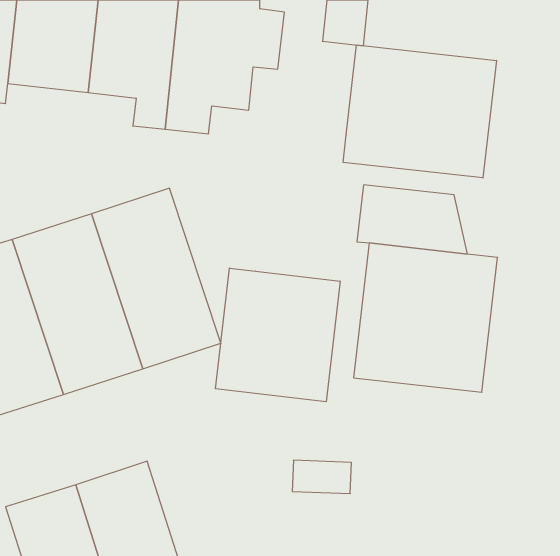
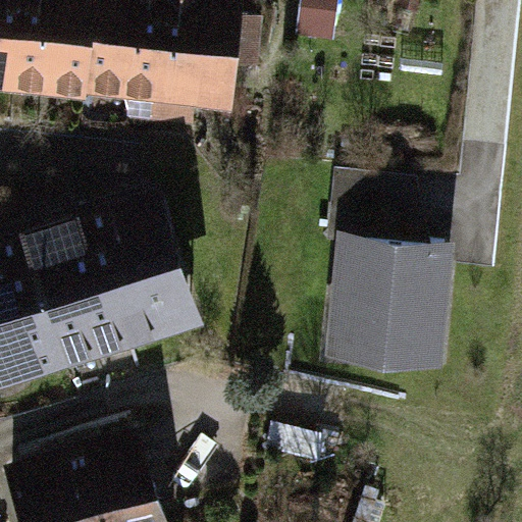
building: [343,45,496,178] -> none
building: [216,268,340,402] -> none

